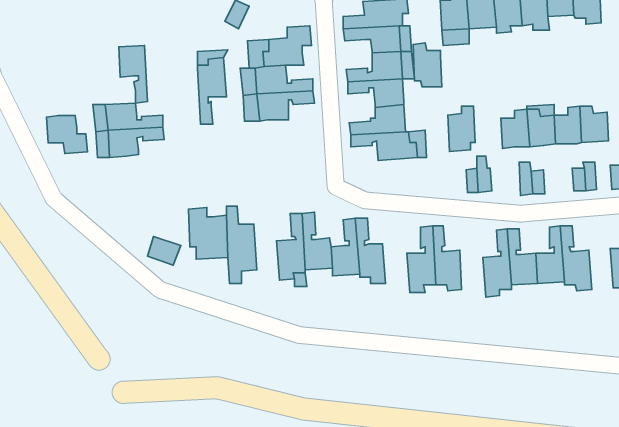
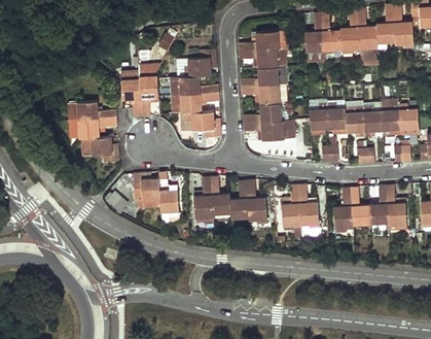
building: [413,43,442,87] -> [327,103,347,133]
building: [119,45,148,103] -> [122,78,142,117]
building: [46,116,87,154] -> [92,137,119,163]
building: none -> [187,112,221,138]

